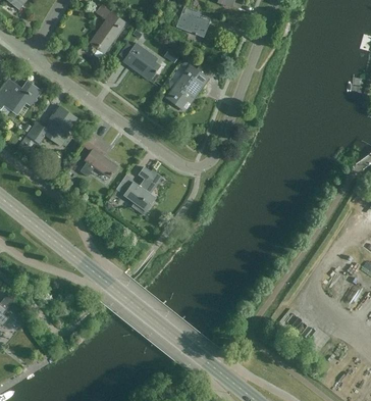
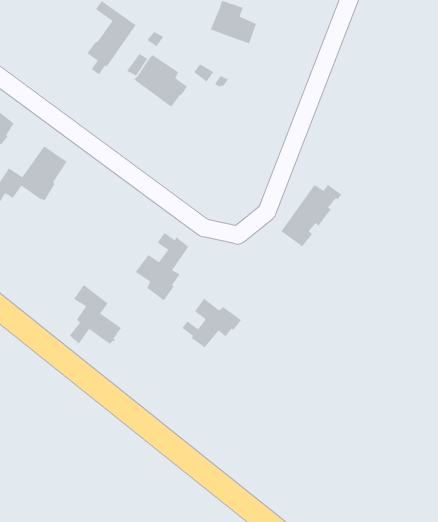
building: [167,65,210,109] -> [280,184,342,247]
building: [81,136,117,178] -> [69,284,122,344]
building: none -> [181,298,242,348]

